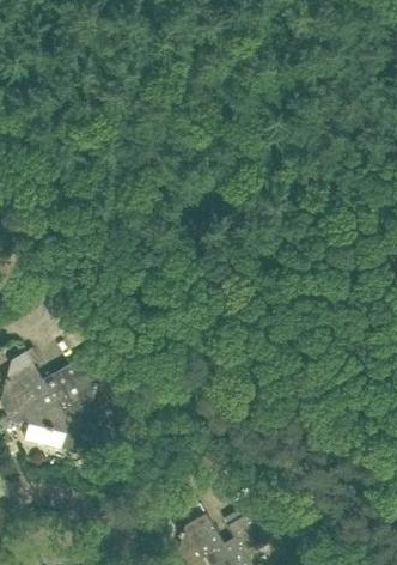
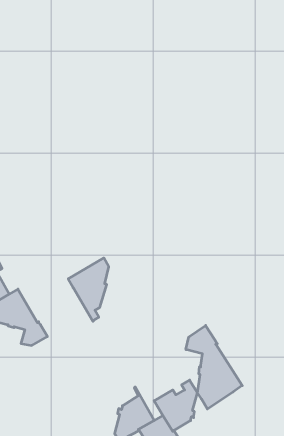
building: [49,350,98,426] -> [68,258,109,321]
building: none -> [186,325,242,409]

